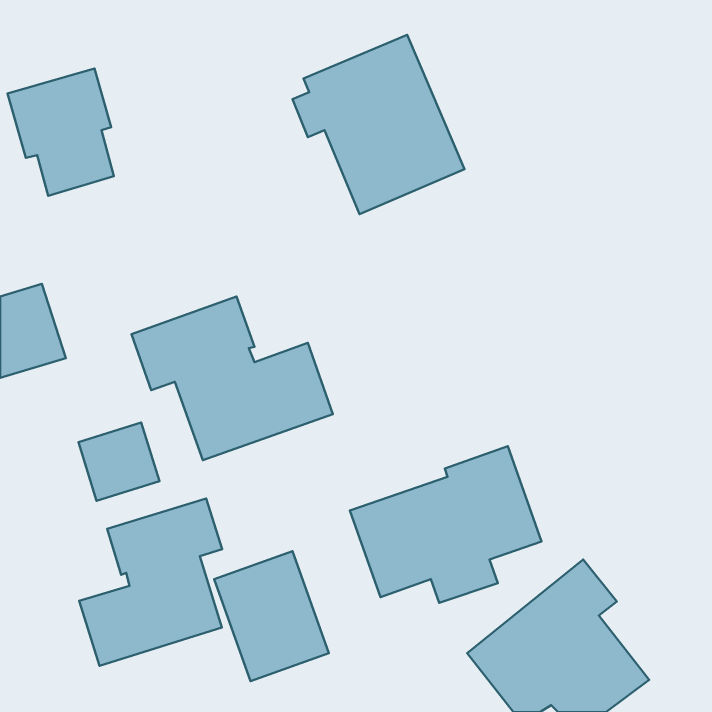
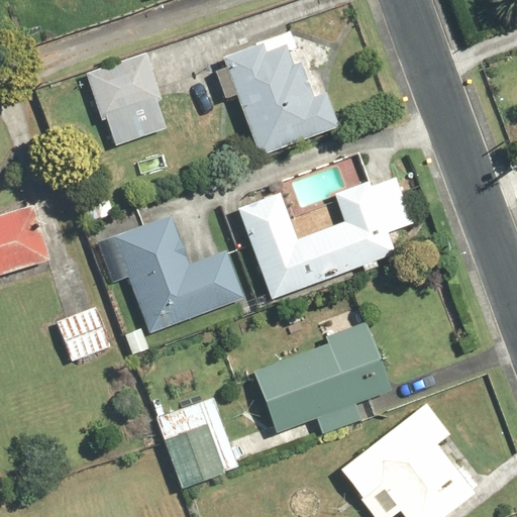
building: [8,68,114,196] -> [86,55,163,146]
building: none -> [239,178,414,300]
building: [79,498,222,666] -> none

